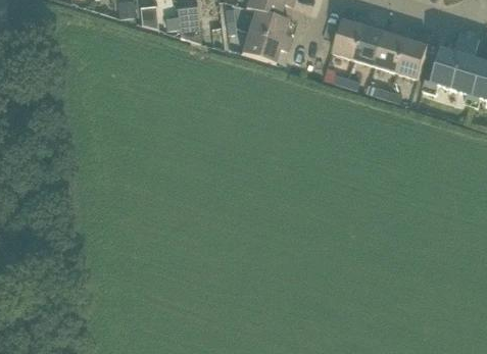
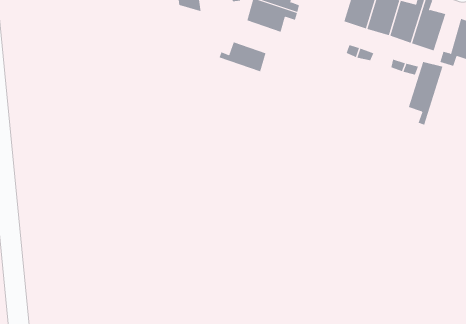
building: none -> [219,42,266,72]
building: none -> [408,61,443,126]

